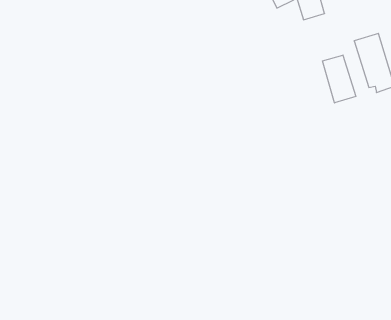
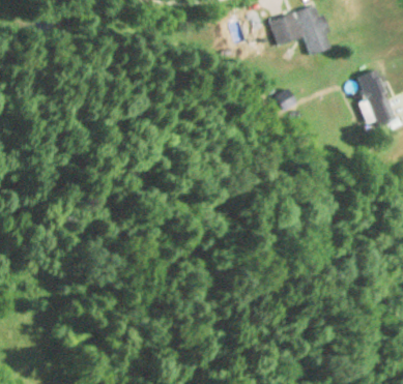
building: [323,55,356,103] -> none

